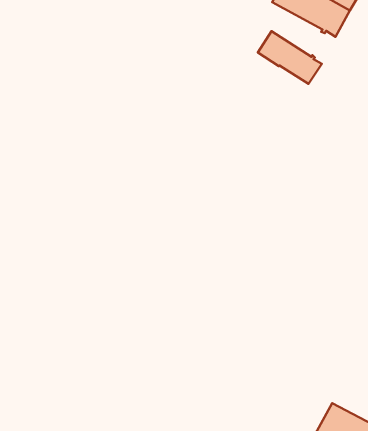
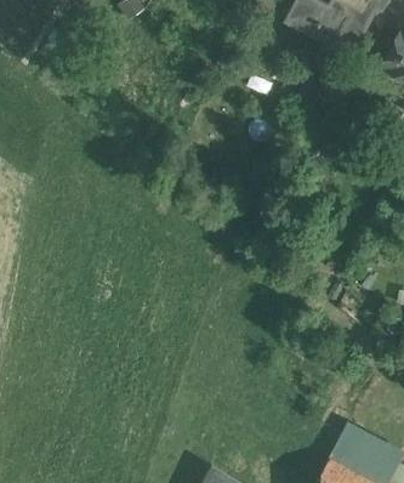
building: [258,31,322,84] -> none

